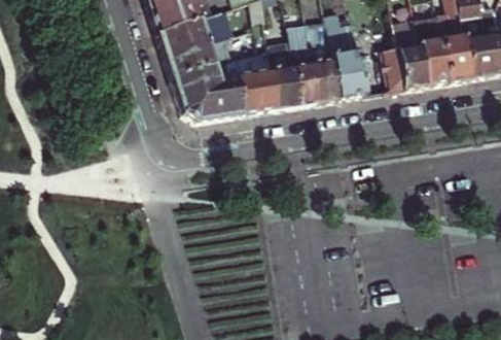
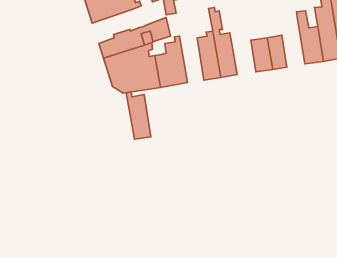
building: [327,12,365,97] -> none
building: [158,14,217,58] -> none
building: [395,27,427,88] -> none
building: [269,47,299,107] -> [126,92,151,139]

